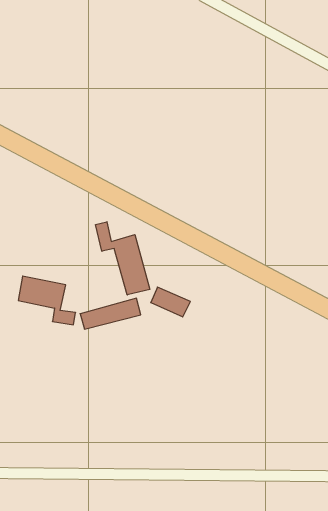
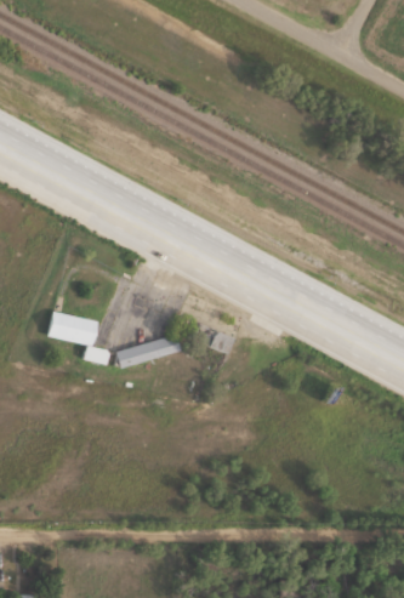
building: [96,222,150,295] -> none

